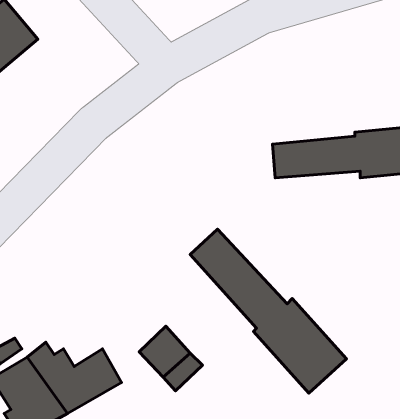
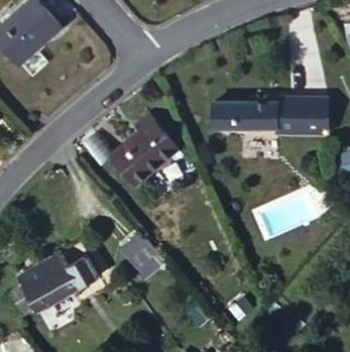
building: none -> [104,111,169,183]
building: [190,229,346,393] -> none

